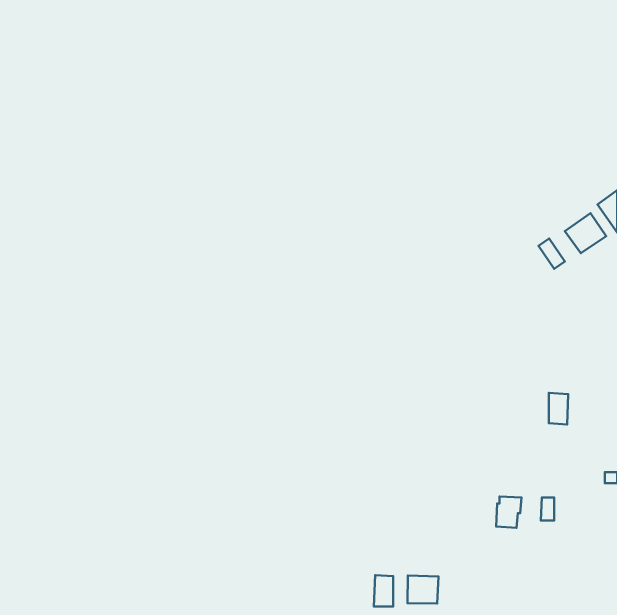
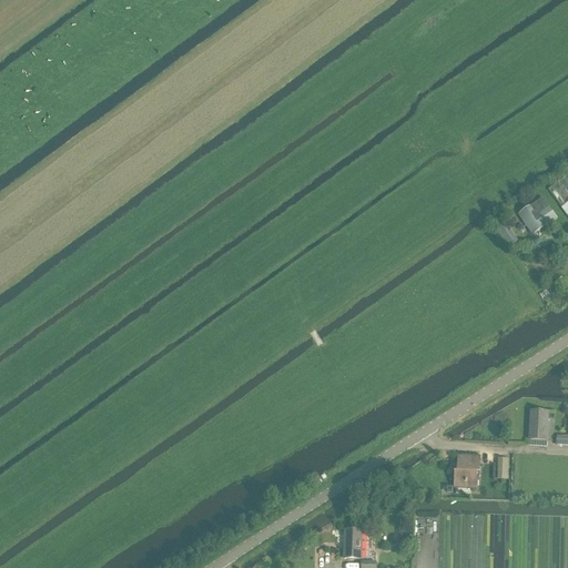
building: [549,393,568,424] -> [529,408,547,437]
building: [407,575,438,603] -> none

